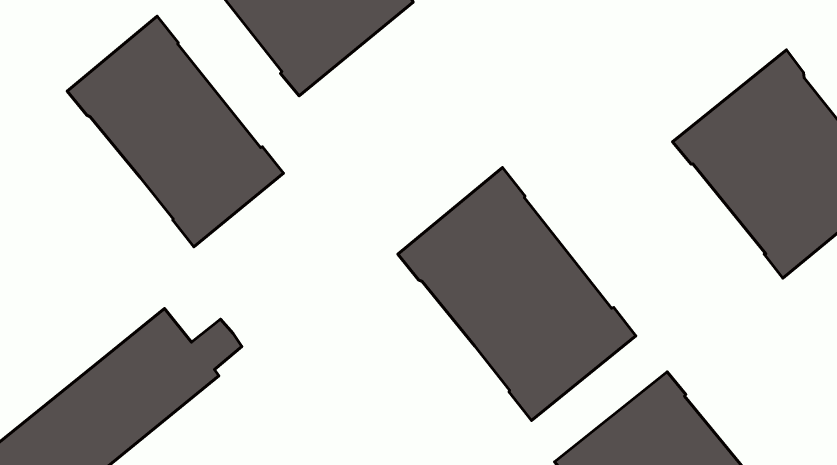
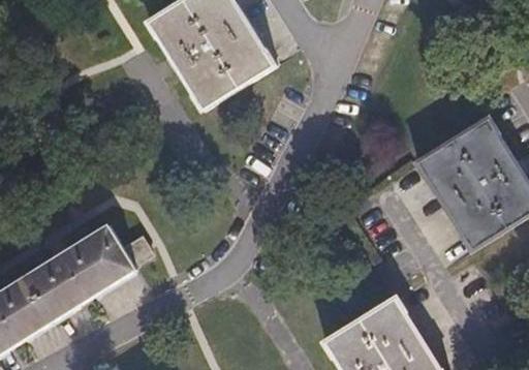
building: [67,16,283,247] -> none
building: [398,168,636,420] -> none

